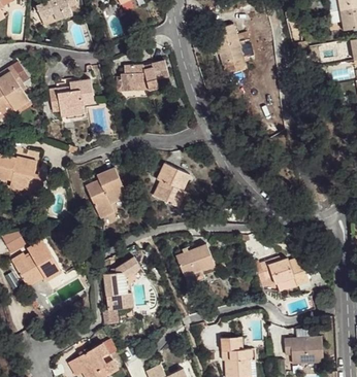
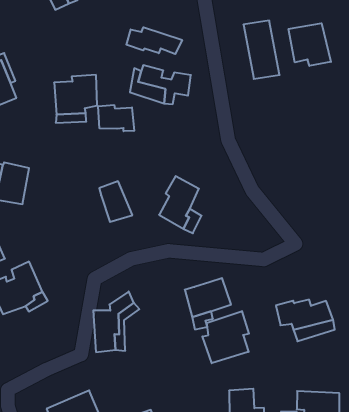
building: none -> [289,23,331,66]
building: none -> [126,27,182,54]
building: none -> [98,105,134,131]
building: [88,183,117,221] -> none
building: none -> [202,311,249,363]

